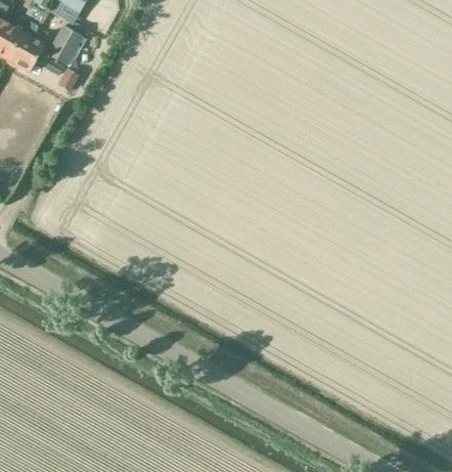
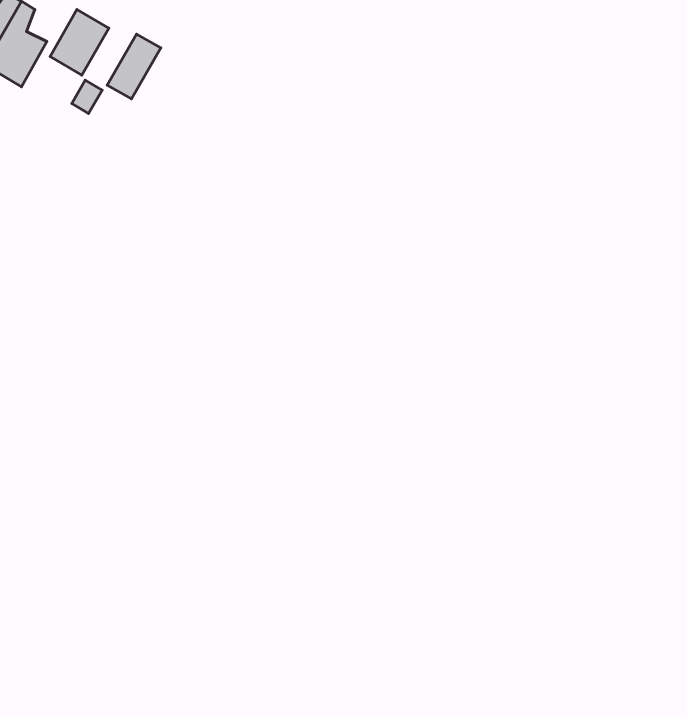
building: none -> [107,34,161,99]

